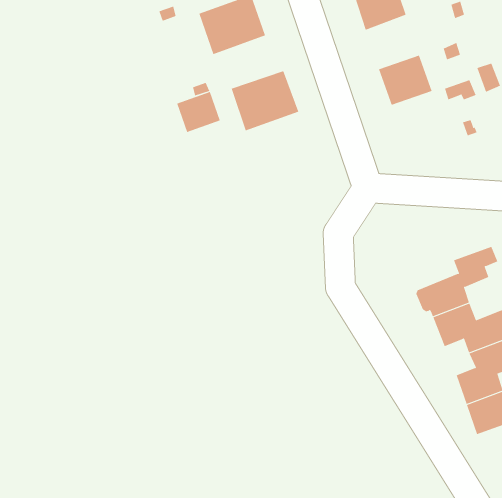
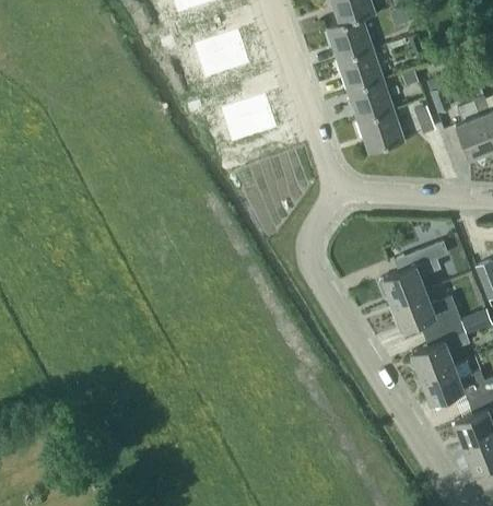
building: none -> [337,47,383,93]
building: [176,91,221,133] -> none
building: none -> [359,111,403,153]

